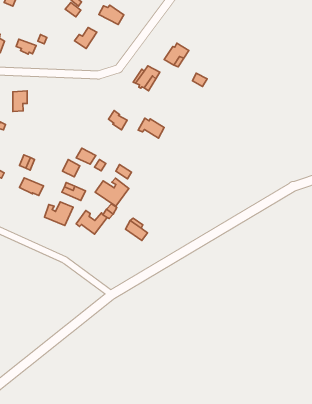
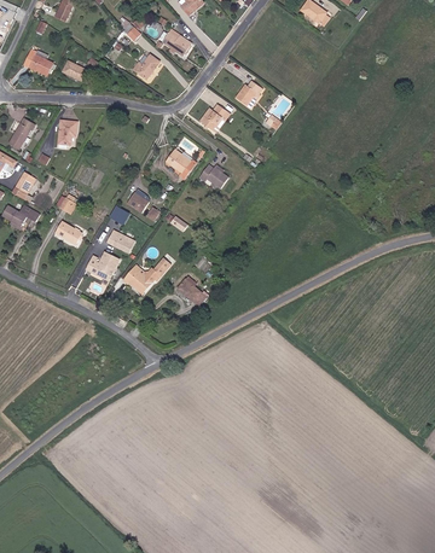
building: [95,178,129,206] -> none

